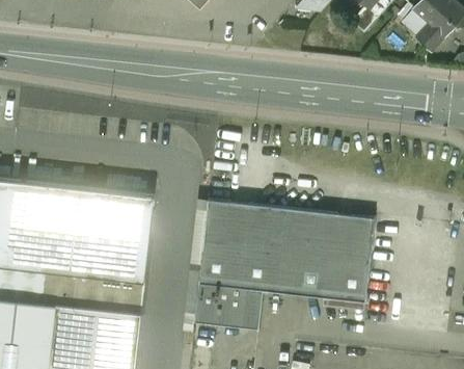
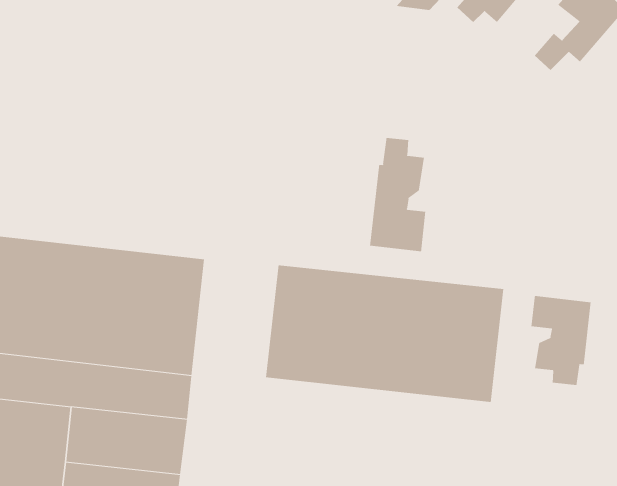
building: none -> [370,137,426,252]
building: none -> [531,295,591,386]
building: [193,284,262,331] -> none

